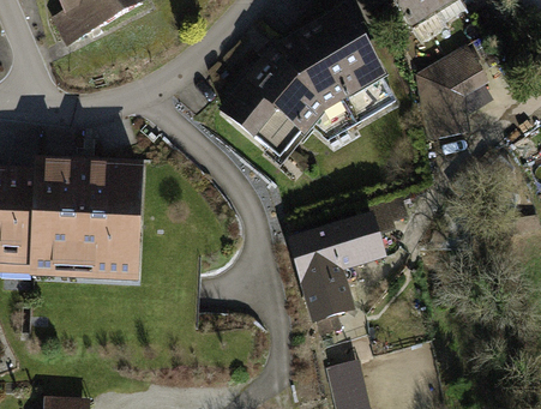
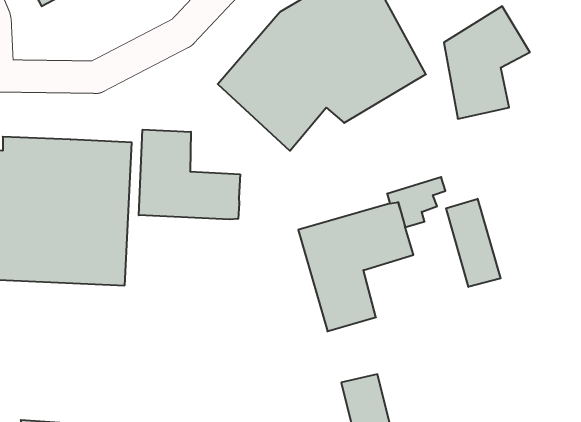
building: none -> [139,130,240,219]
building: none -> [446,199,501,287]

